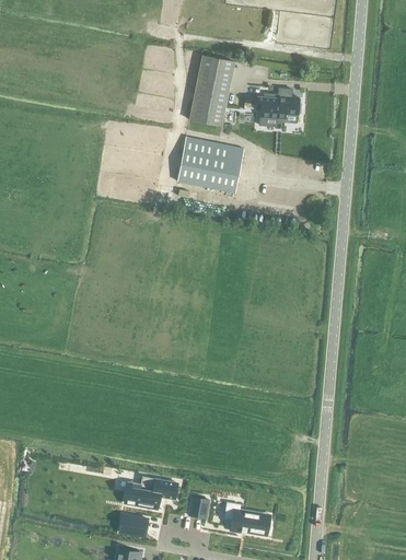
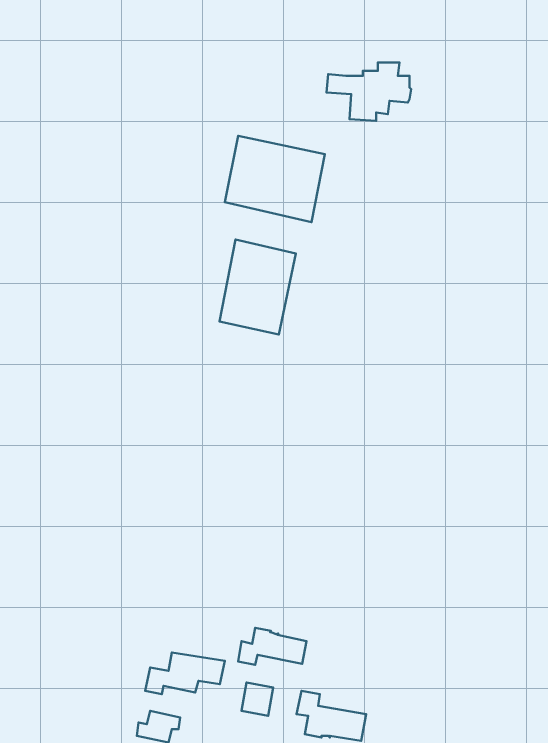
building: [188,55,234,126] -> none
building: none -> [220,240,296,335]
building: none -> [238,628,307,665]

